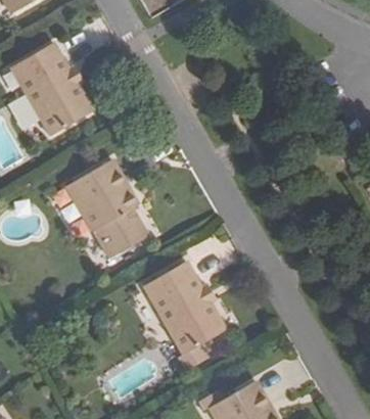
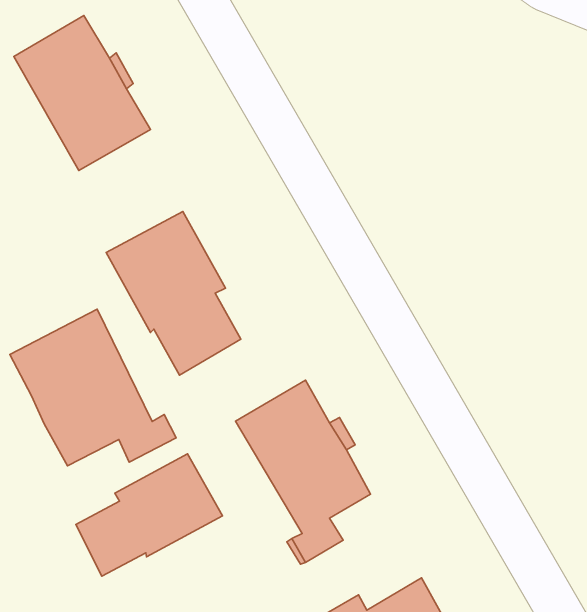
building: none -> [10,309,176,466]
building: none -> [76,454,222,576]

